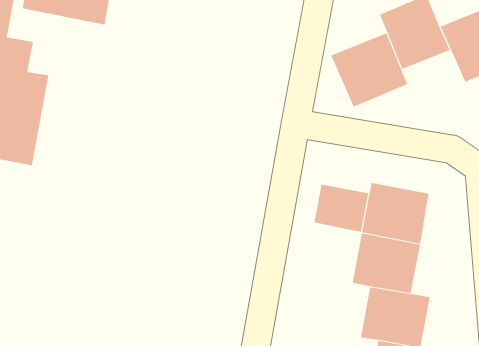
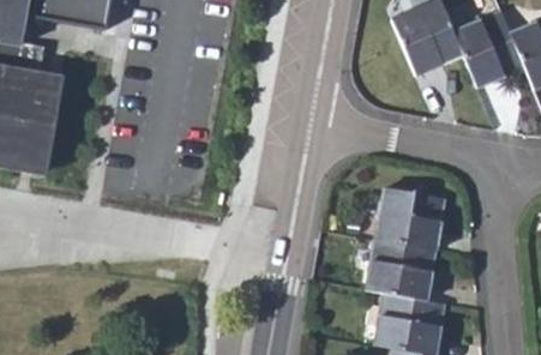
building: [330,33,408,108] -> none
building: [314,184,369,233] -> none

